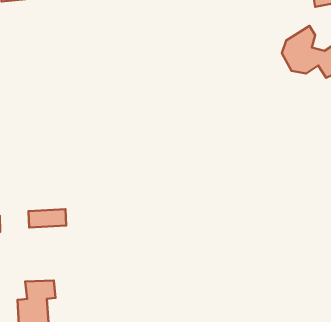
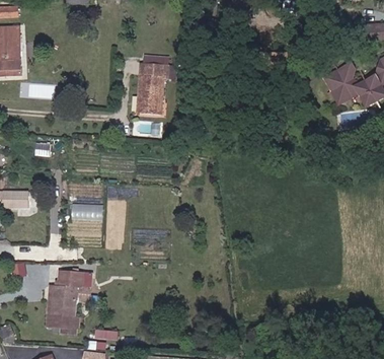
building: none -> [138,64,167,115]

